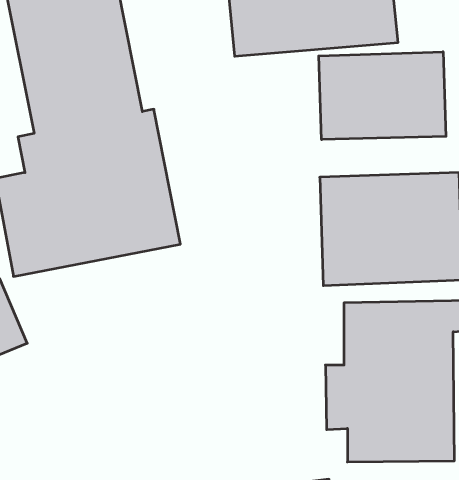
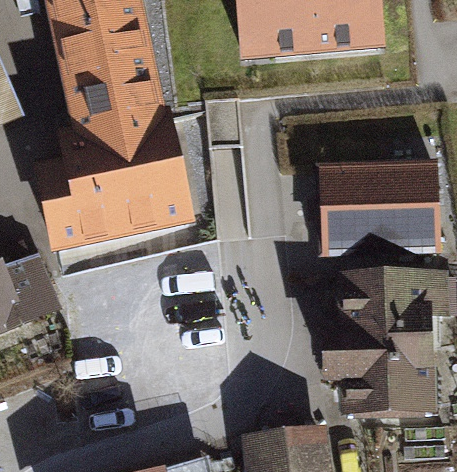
building: [319,52,446,140] -> none

